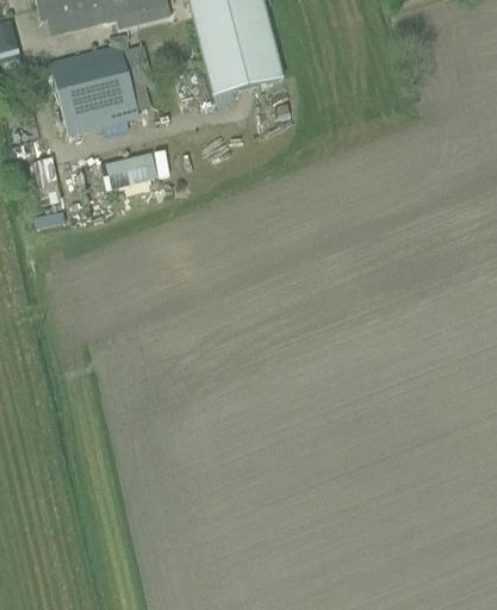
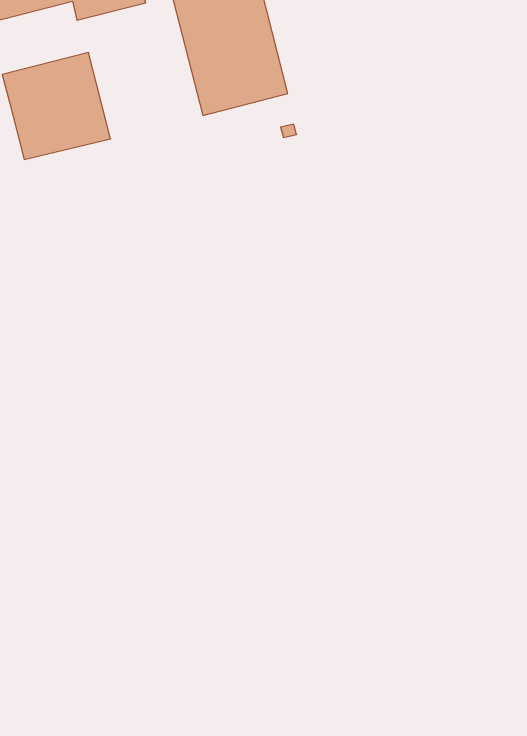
building: [104,155,159,191] -> none

